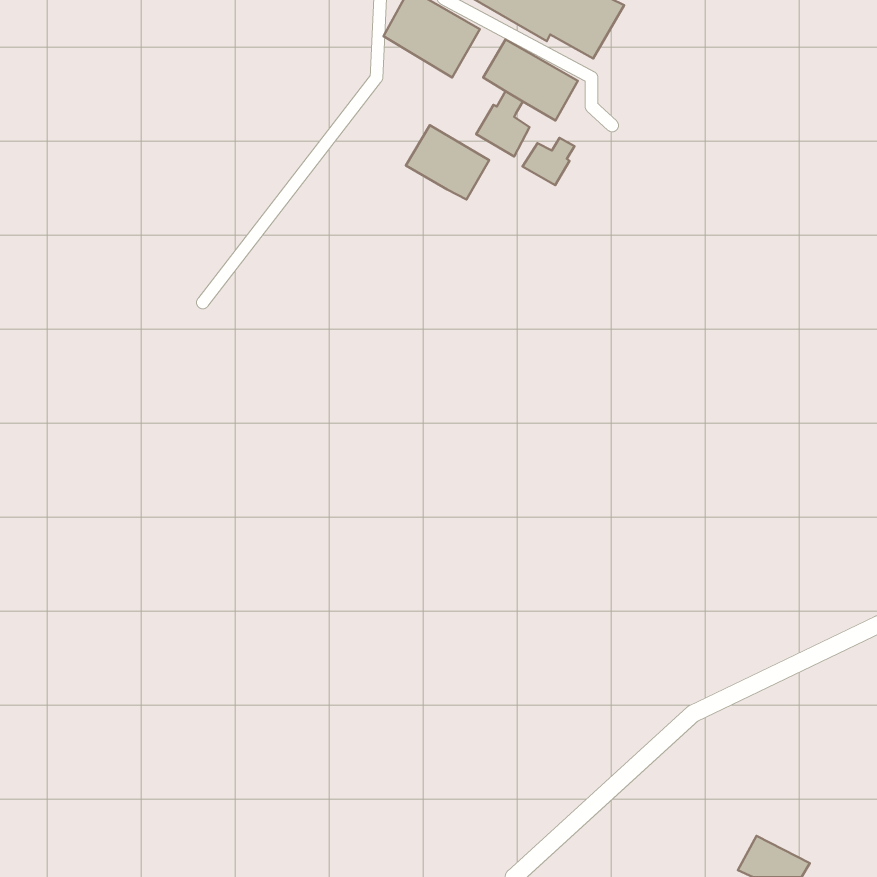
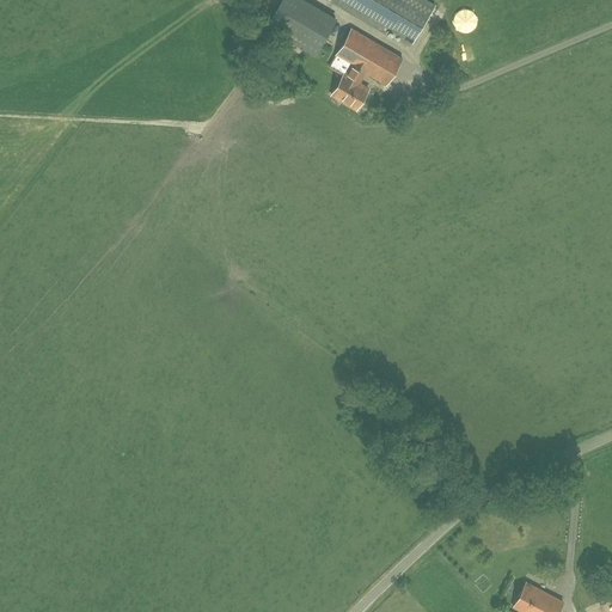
building: [406,125,489,200] -> none
building: [523,138,574,185] -> none

